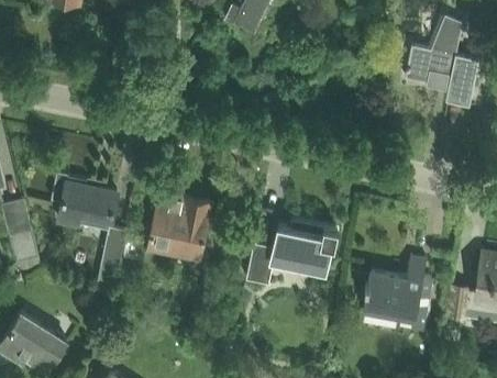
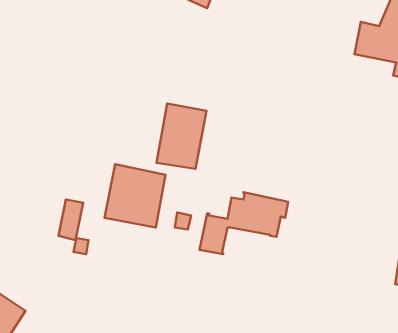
building: none -> [156,104,207,169]
building: [52,175,117,229] -> none
building: [363,257,431,331] -> none

